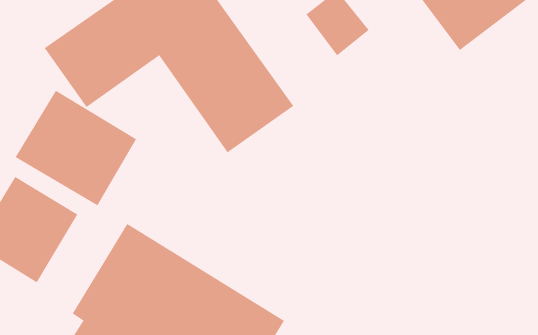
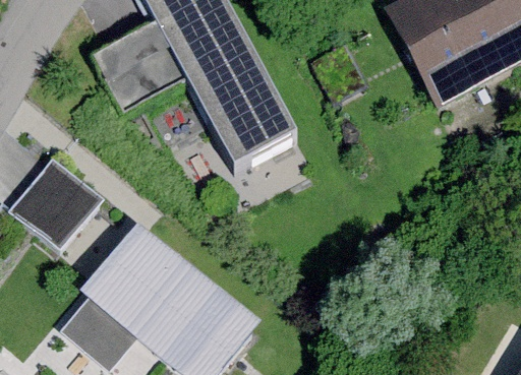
building: [15,90,137,206] -> none

